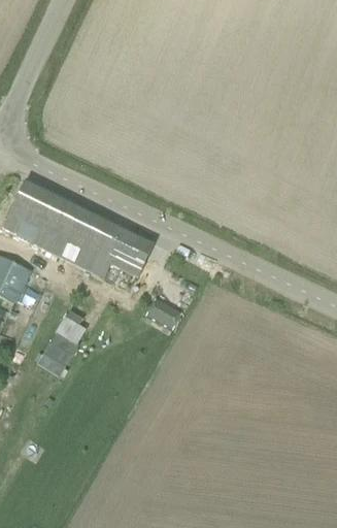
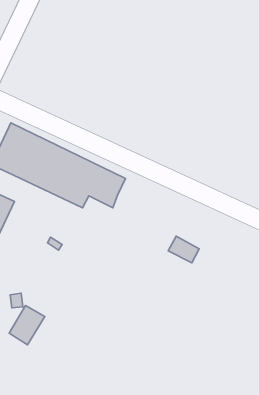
building: [145,298,180,328] -> [168,236,199,263]
building: [37,332,77,376] -> [9,306,45,345]

